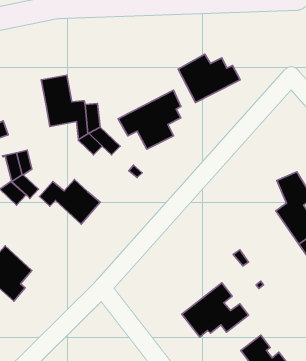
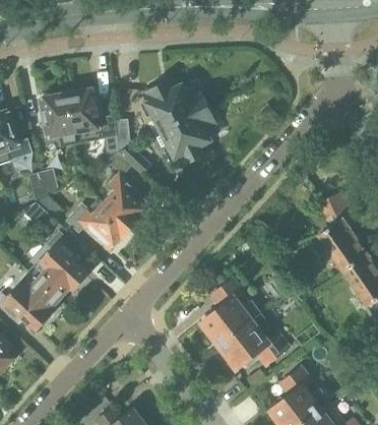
building: [178,54,240,102] -> [142,77,208,129]
building: none -> [40,94,76,146]
building: none -> [103,175,149,225]
building: none -> [28,232,87,298]
building: none -> [200,280,260,345]

